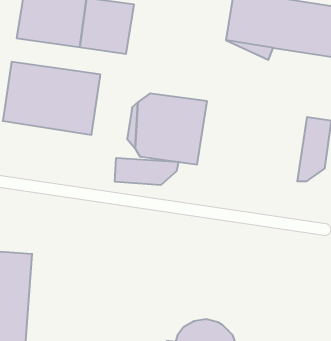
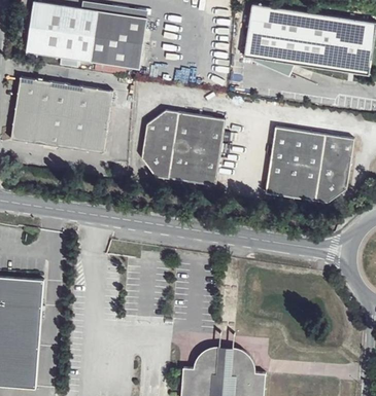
building: none -> [267,127,329,202]
building: [115,158,179,185] -> none

